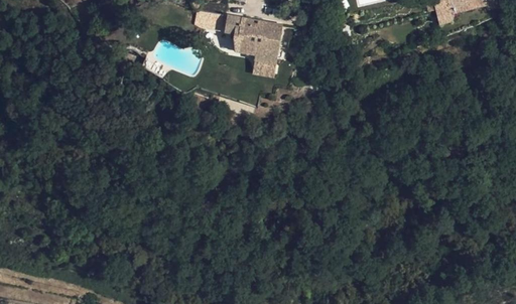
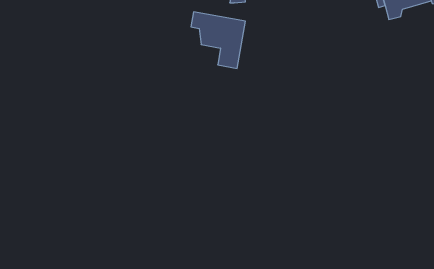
building: [196,10,227,31] -> none

